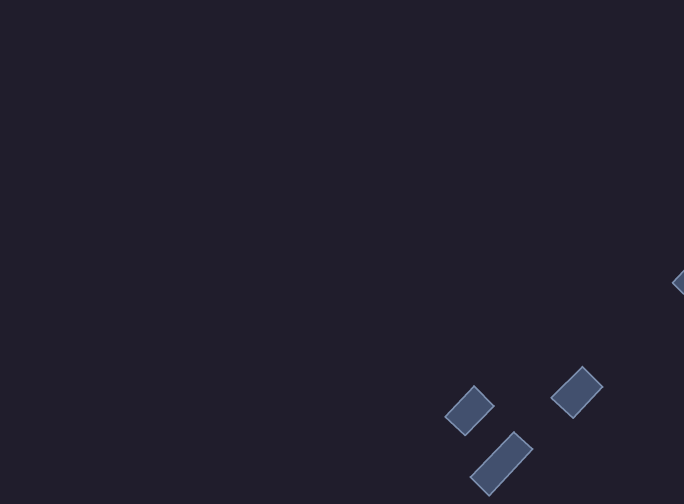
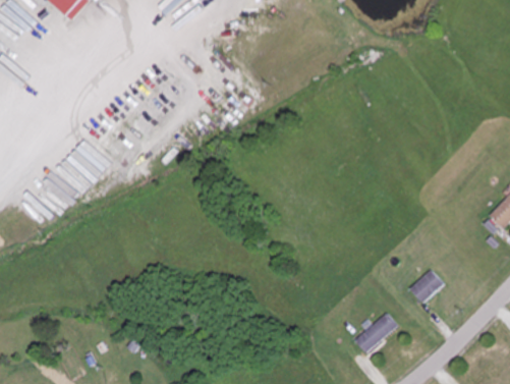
building: [445,386,494,435] -> none

